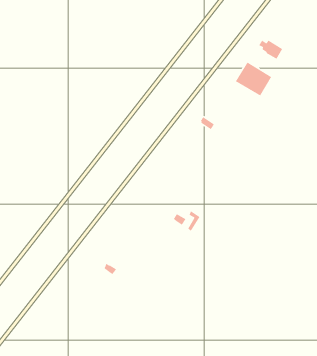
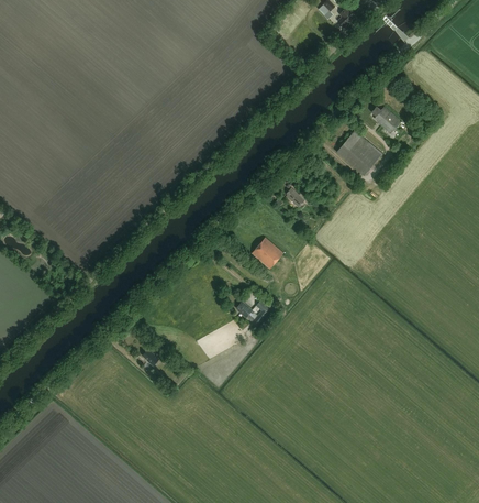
building: none -> [252,237,283,269]

